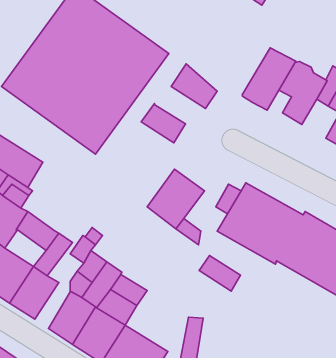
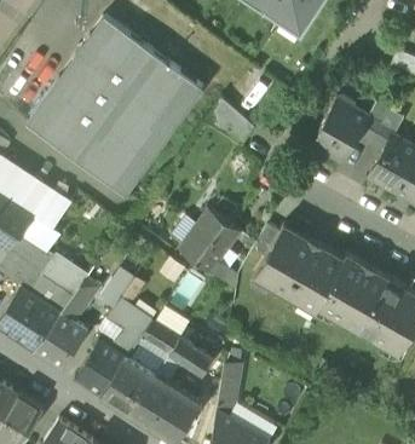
building: [242,48,296,110] -> none
building: [141,104,185,143] -> none
building: [199,256,240,291] -> [169,339,213,376]

